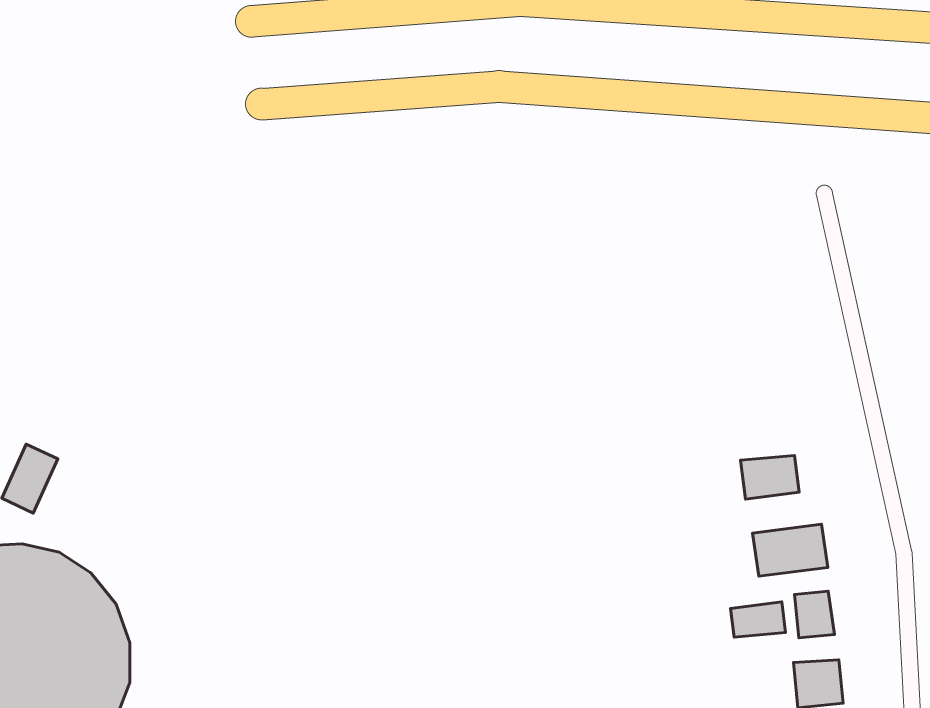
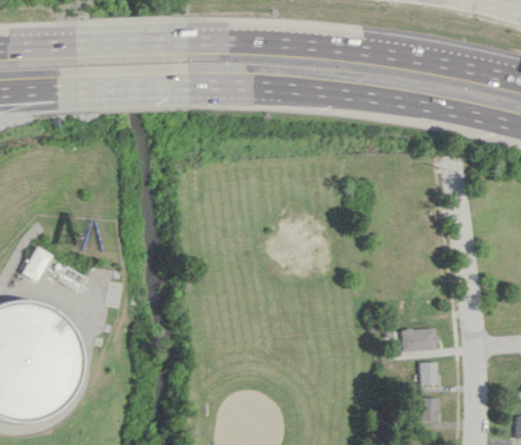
building: [740,455,799,499] -> none
building: [730,602,786,637] -> none

